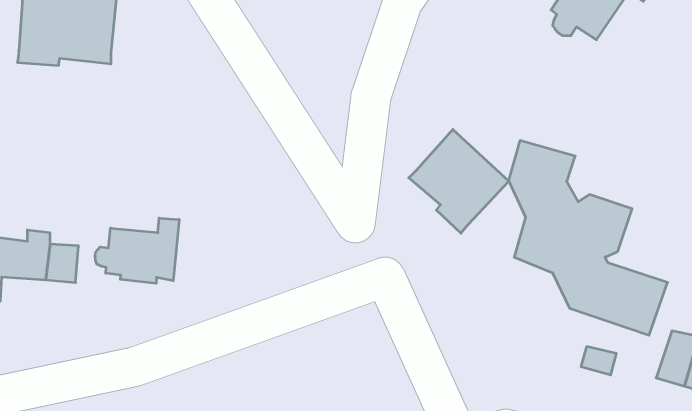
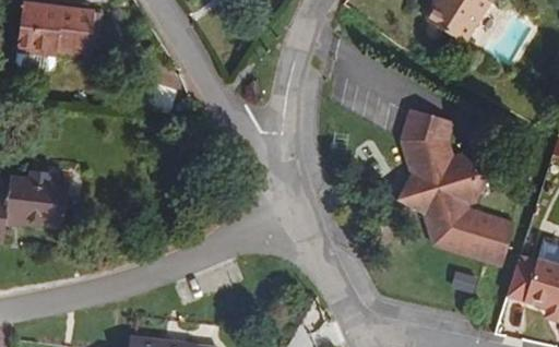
building: [409,129,509,233] -> none
building: [95,218,179,283] -> none

